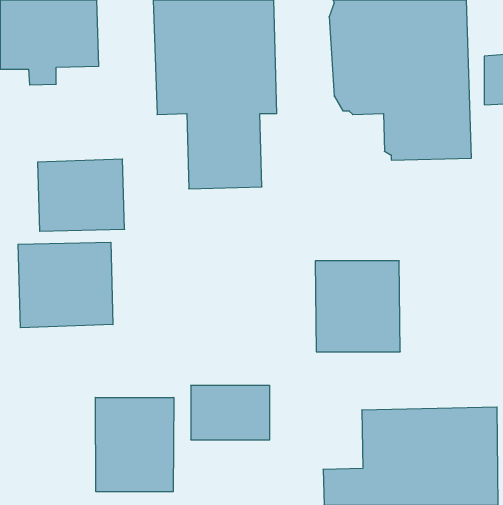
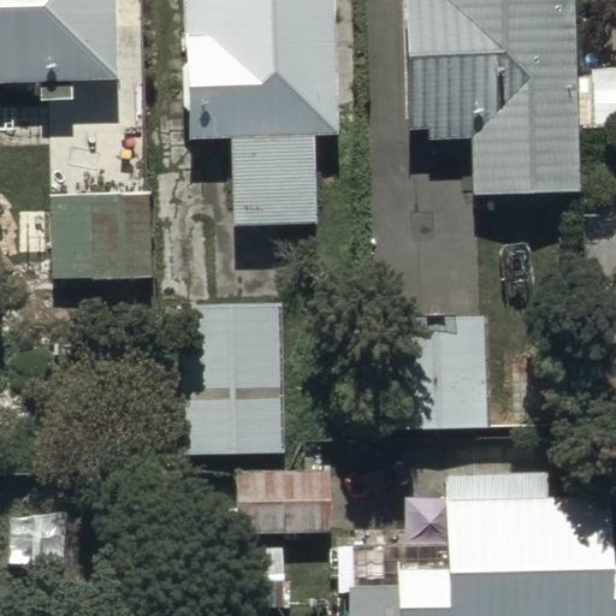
building: [18,242,113,328] -> none
building: none -> [179,300,285,455]
building: [95,397,174,492] -> none

